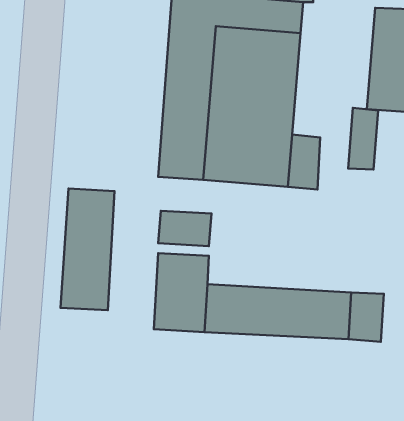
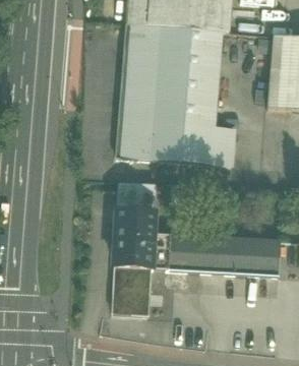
building: [348,108,378,170] -> none
building: [60,189,115,310] -> none
building: none -> [112,267,151,316]

